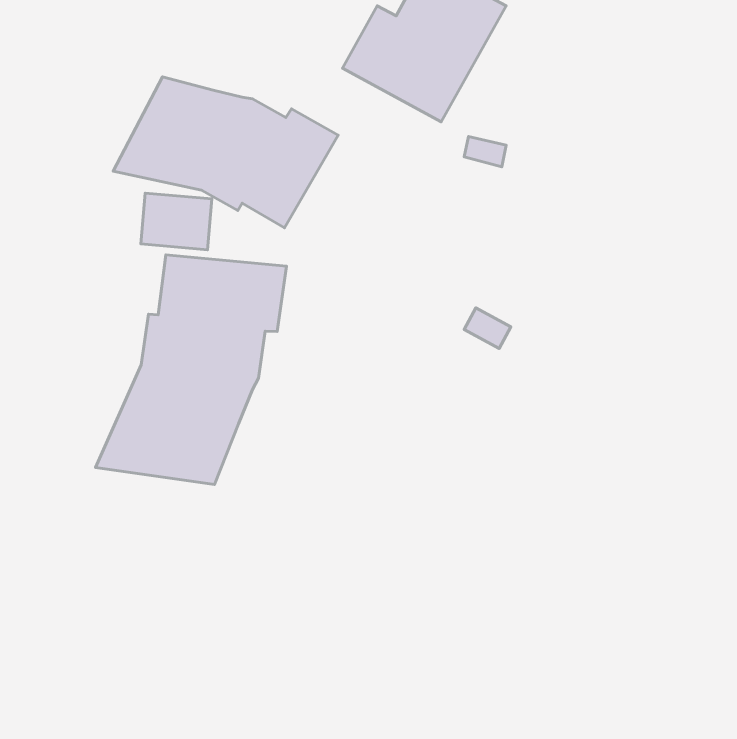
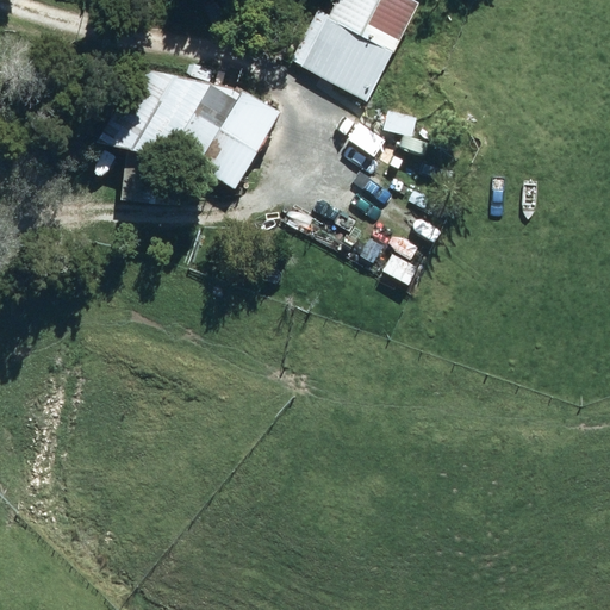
building: [96,255,286,484] -> none

